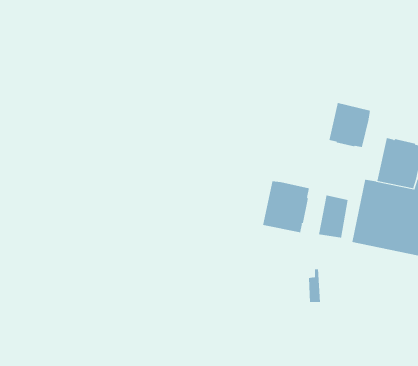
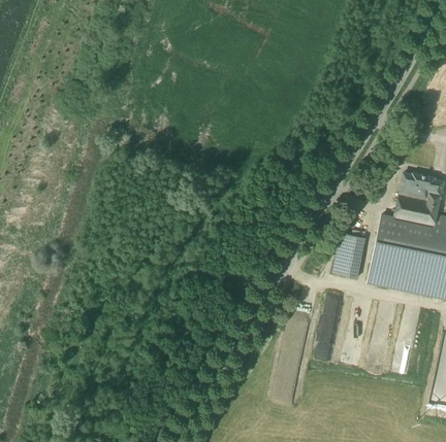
building: [329,102,370,148] -> none
building: [263,181,309,233] -> none

